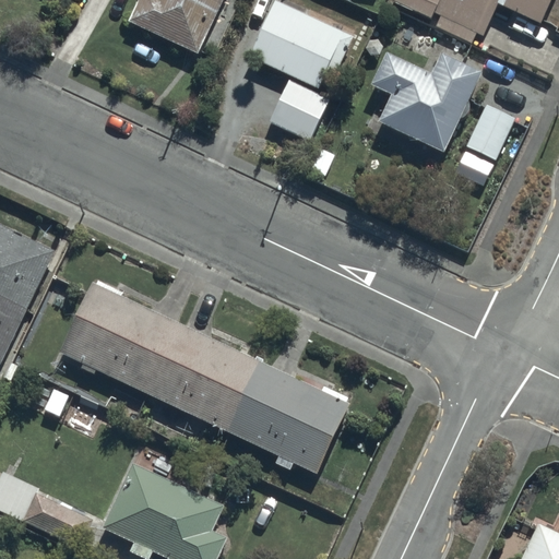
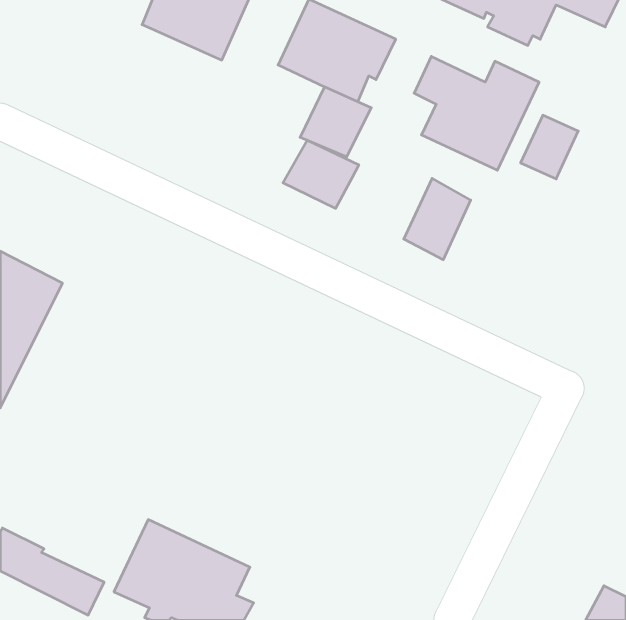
building: none -> [283,140,359,208]
building: none -> [404,178,471,260]
building: [57,281,352,475] -> none

